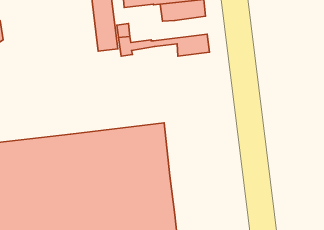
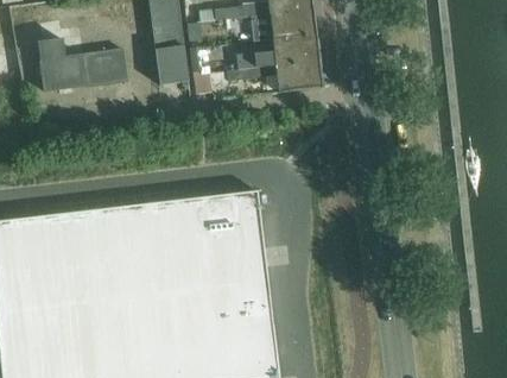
building: none -> [236,34,318,70]
building: none -> [39,39,127,90]

